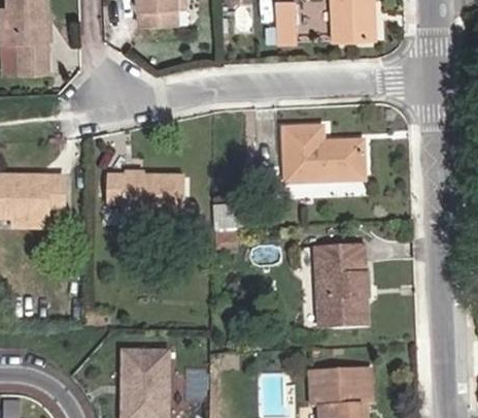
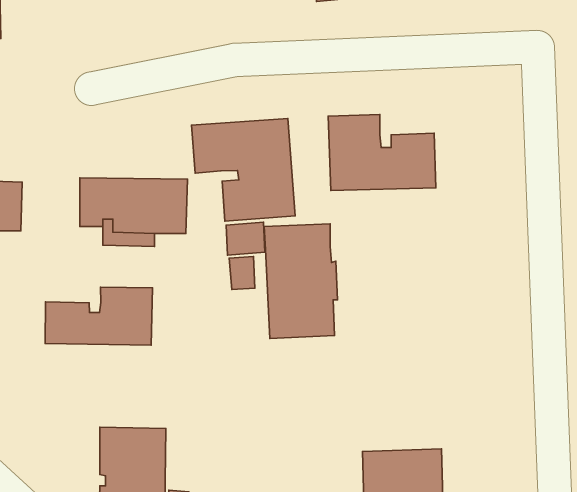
building: none -> [191,119,295,221]
building: [314,244,367,326] -> [264,224,337,338]
building: none -> [45,287,153,345]

